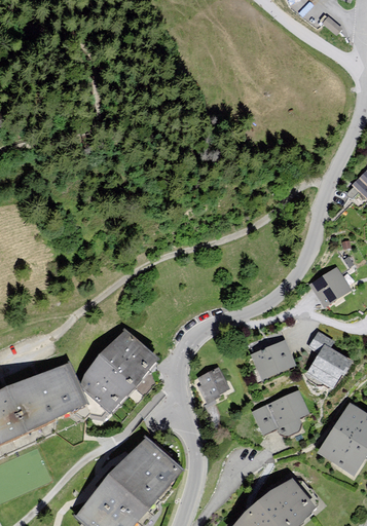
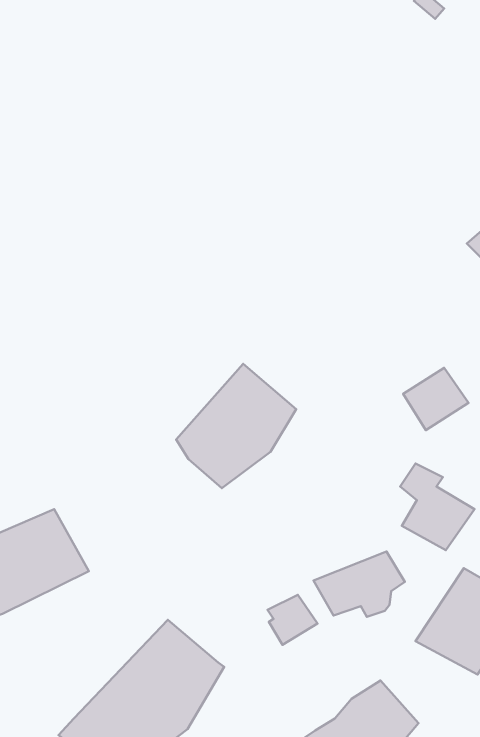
building: [80,329,161,413] -> [176,364,296,488]
building: [250,339,297,379] -> none
building: [192,368,226,402] -> [267,595,318,645]

